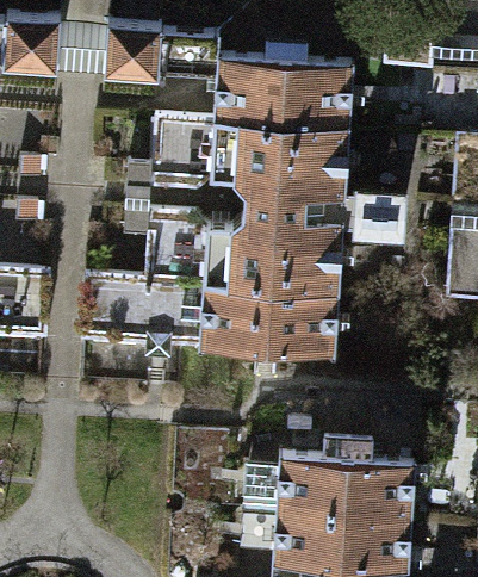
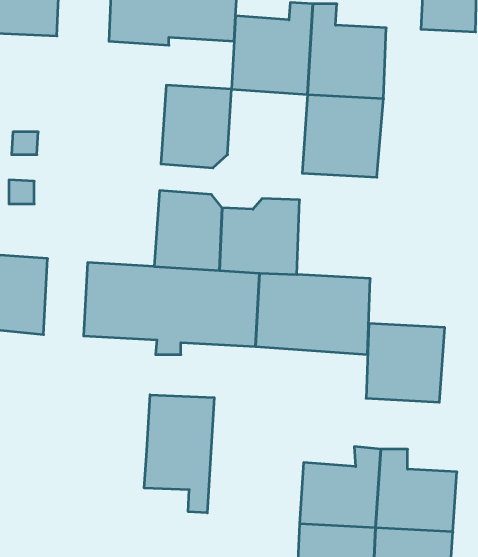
building: [210,122,281,197] -> none
building: [272,221,342,291] -> [366,324,445,402]
building: none -> [144,395,214,513]

